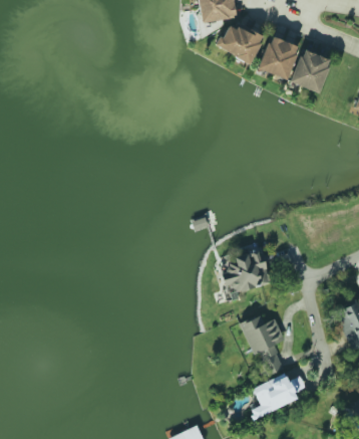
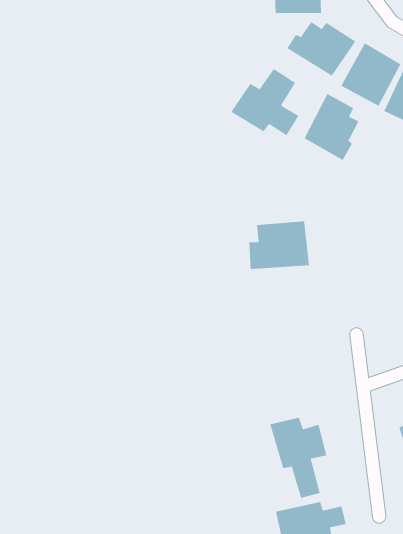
building: none -> [230,68,299,136]
building: none -> [304,93,359,161]
building: [224,252,271,293] -> [248,221,310,269]

